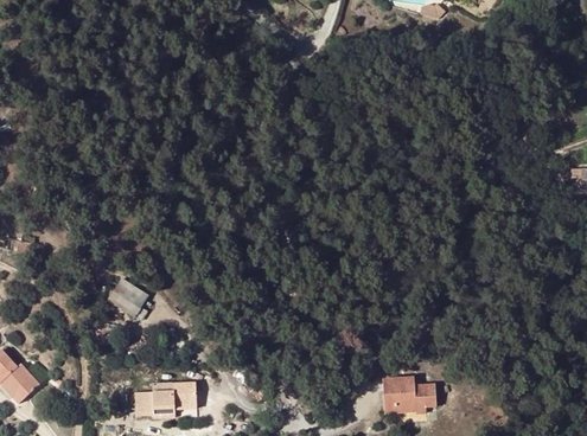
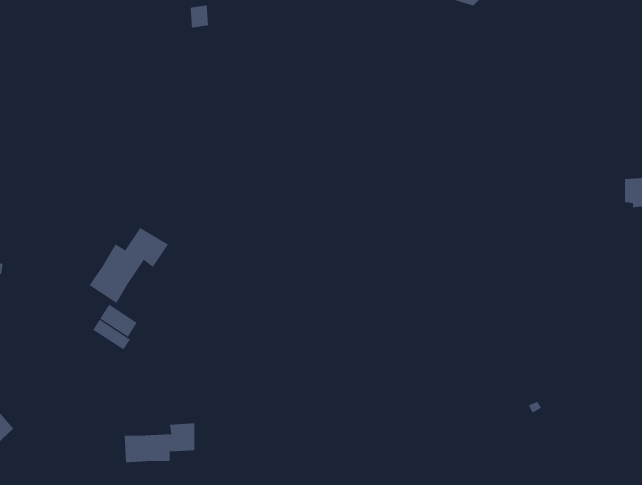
building: none -> [89,227,169,304]
building: [382,378,435,412] -> none

